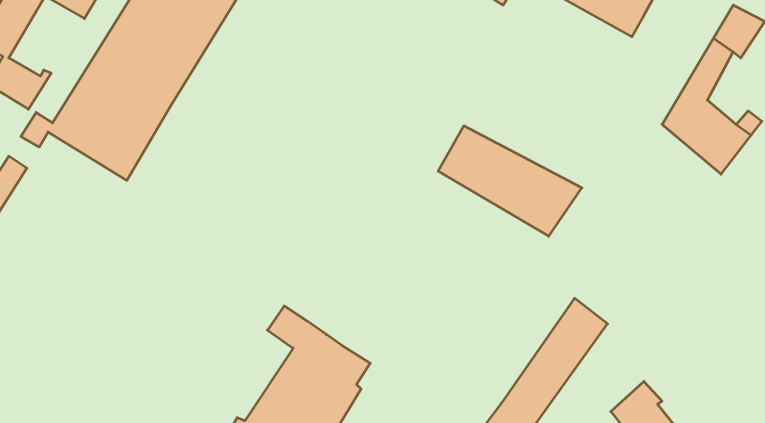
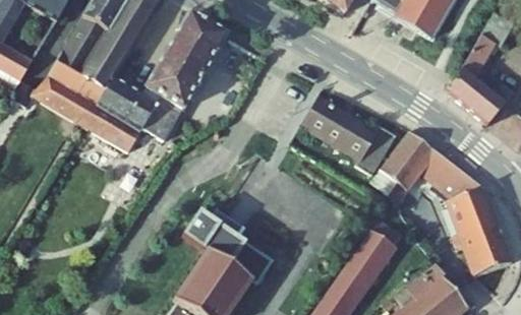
building: none -> [86,14,229,155]
building: none -> [381,130,512,275]

